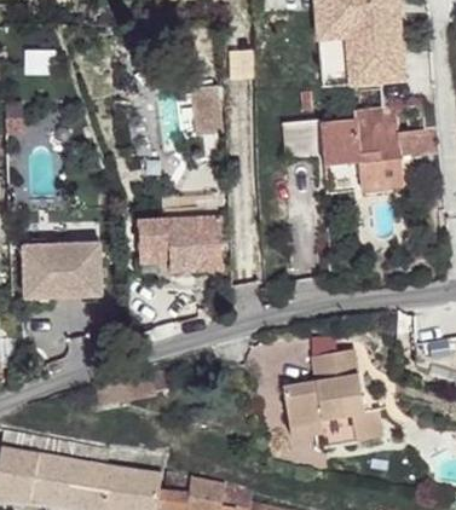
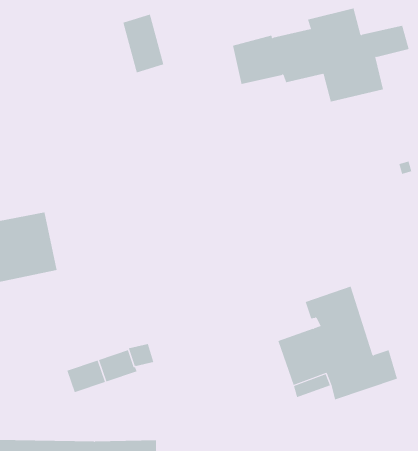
building: [139,216,224,272] -> none

